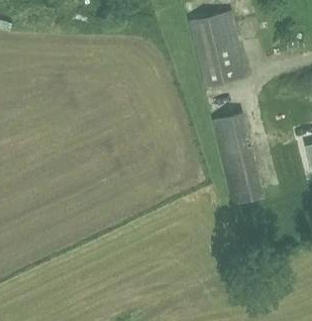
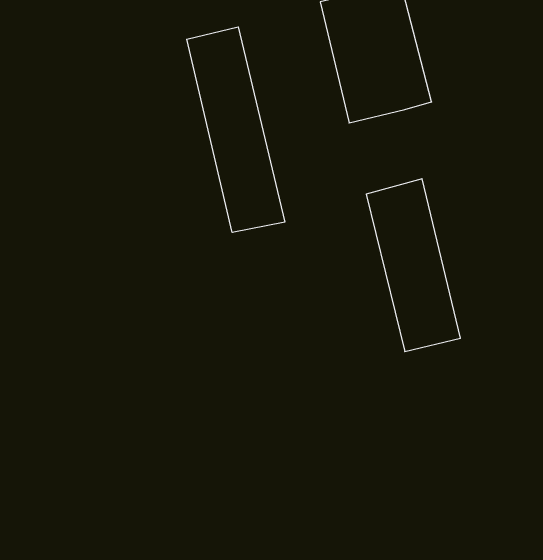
building: none -> [187,27,285,232]

